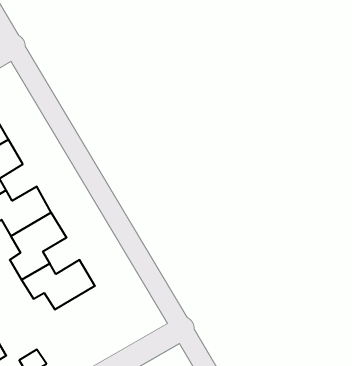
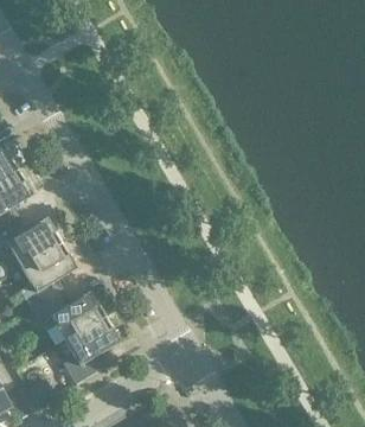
building: none -> [62,317,119,384]

